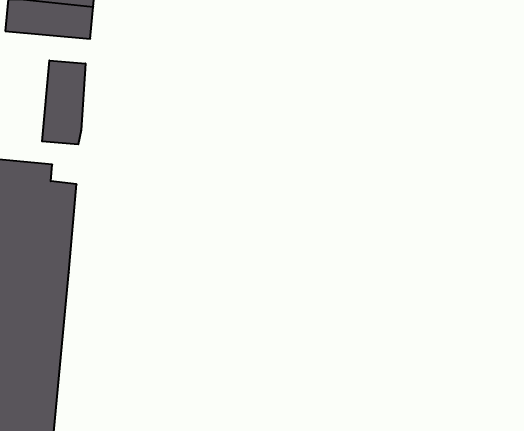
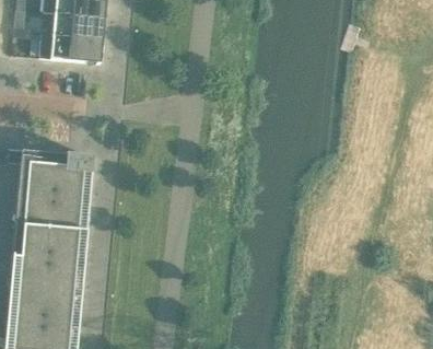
building: [42,60,85,144] -> none

